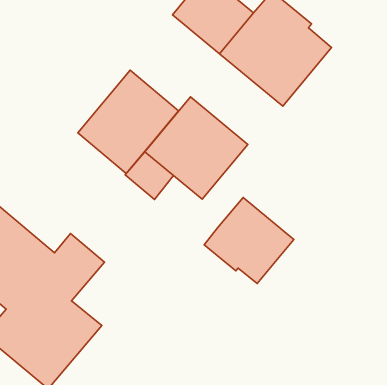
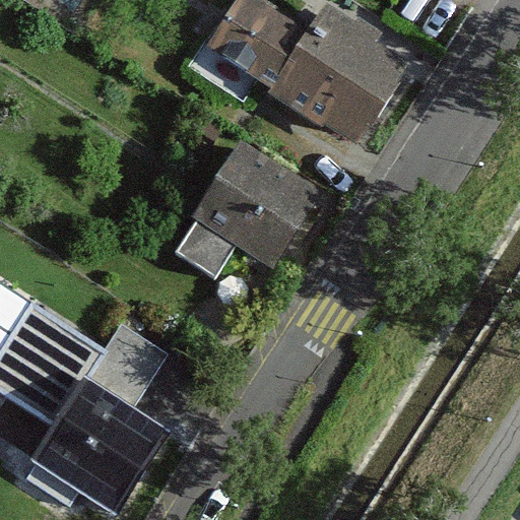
building: [78,70,179,173] -> none
building: [204,197,294,283] -> none

